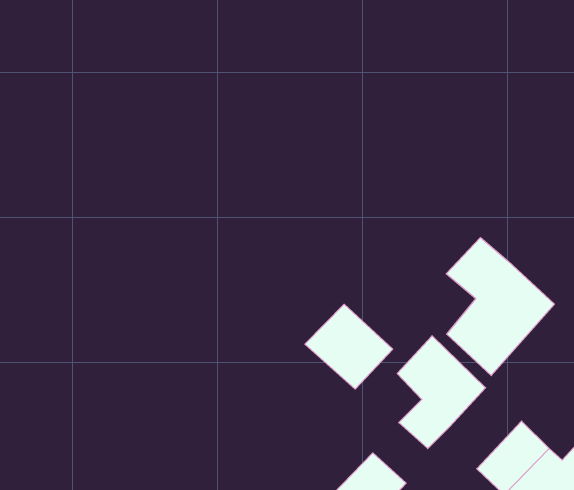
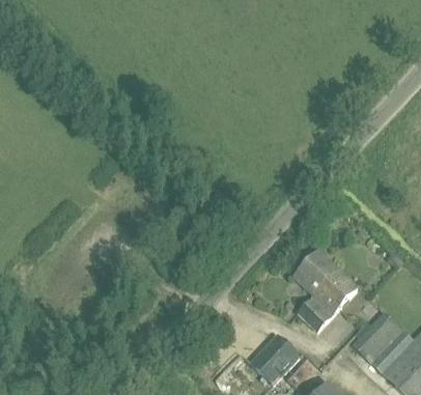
building: [446,238,554,376] -> none
building: [305,304,393,389] -> none

